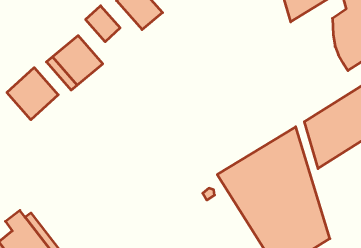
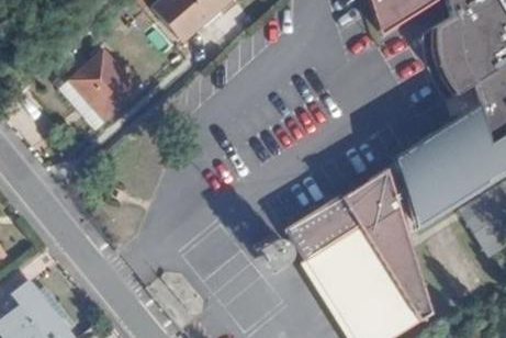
building: [86,6,120,42] -> none
building: [7,68,58,120] -> none

